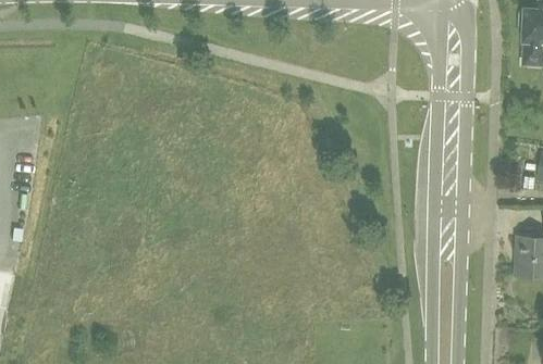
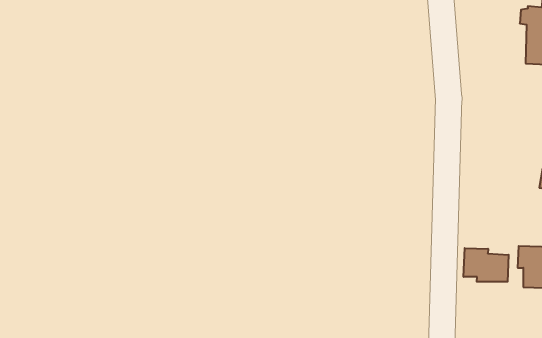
building: none -> [464,248,509,282]

